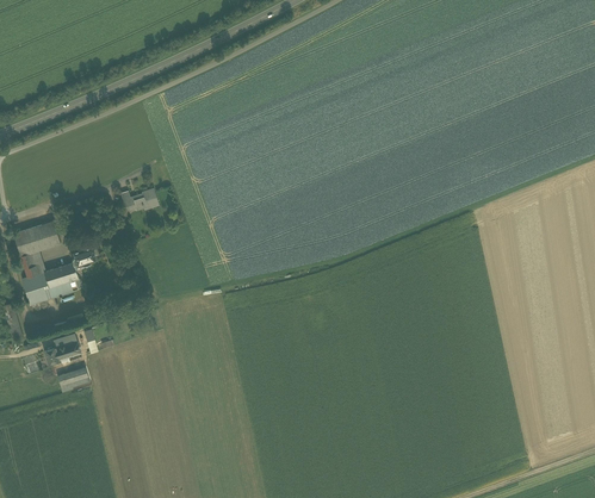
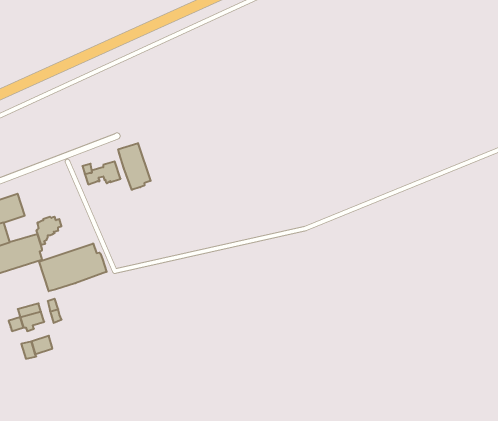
building: none -> [118,143,151,190]
building: none -> [39,243,107,291]

